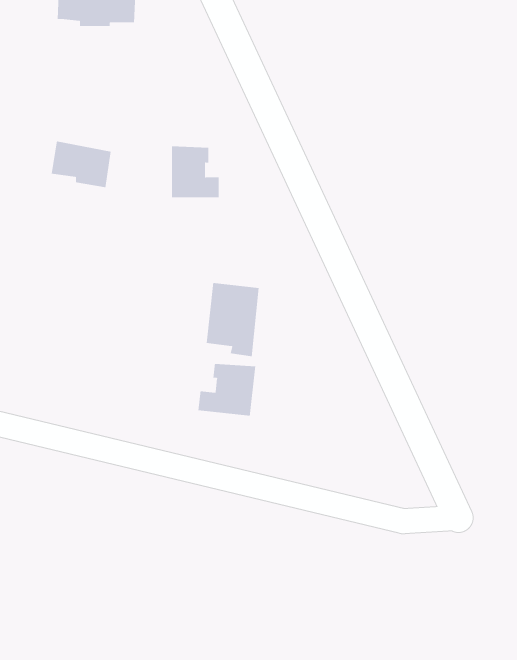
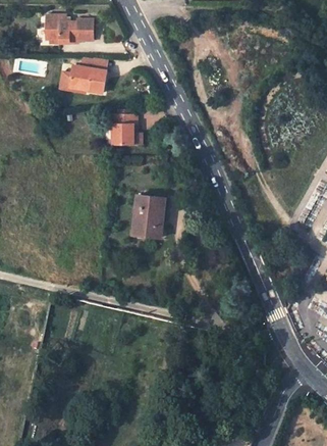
building: [51,141,111,188] -> [69,64,105,92]
building: [198,363,256,417] -> none

